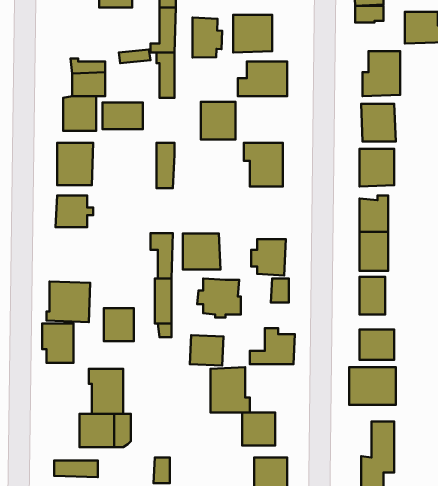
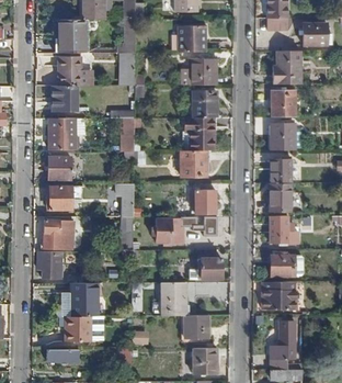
building: none -> [59,20,84,53]
building: [193,18,222,58] -> none
building: [201,102,235,140] -> [192,91,217,119]
building: [103,102,143,129] -> none
building: [183,234,220,270] -> [180,150,207,177]
building: [104,308,134,341] -> [49,187,71,211]
building: [190,335,223,366] -> none

